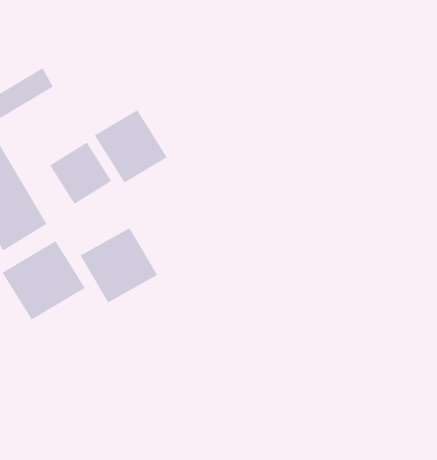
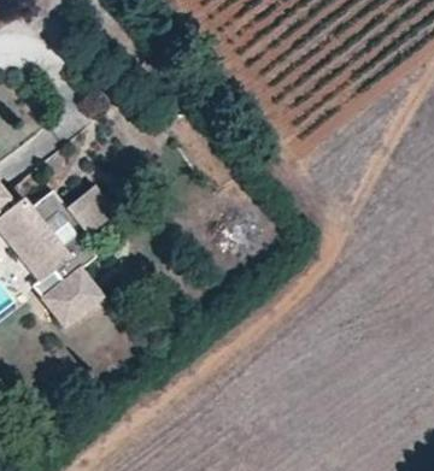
building: [94,109,168,183] -> none
building: [79,227,158,304] -> none

